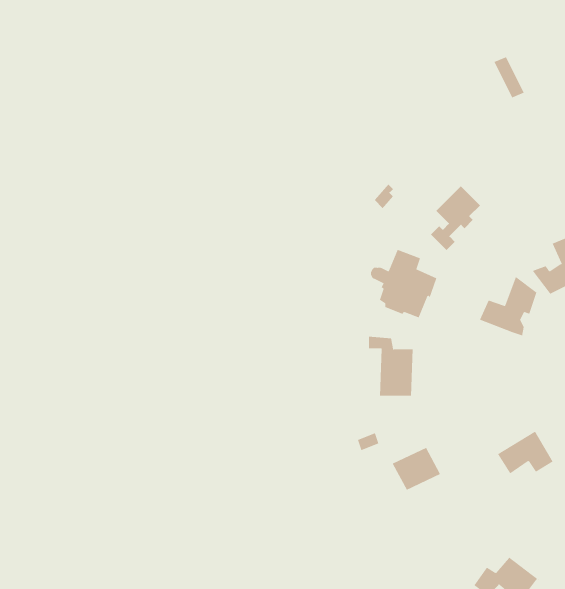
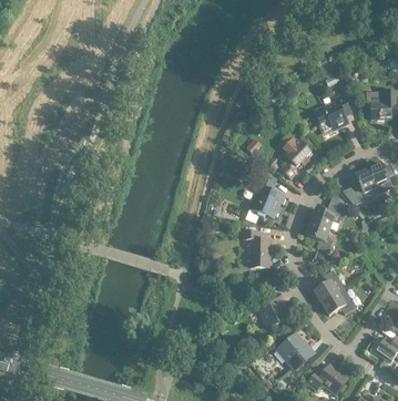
building: none -> [313,94,348,133]
building: none -> [305,220,333,251]
building: none -> [313,269,344,302]
building: none -> [275,332,315,370]

